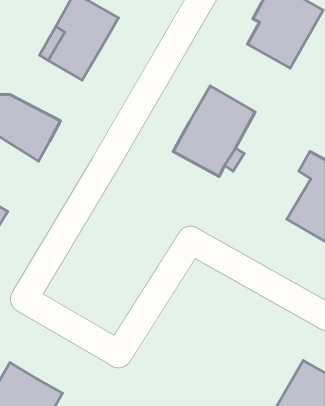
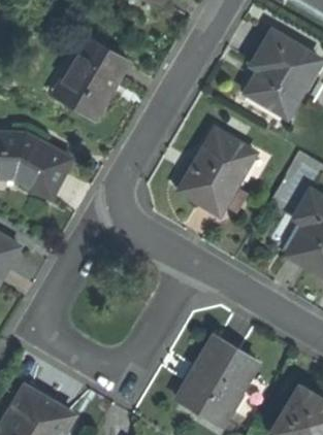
building: none -> [177,339,255,424]

